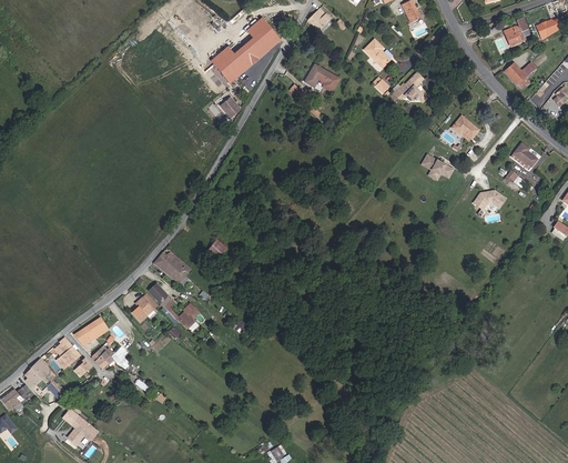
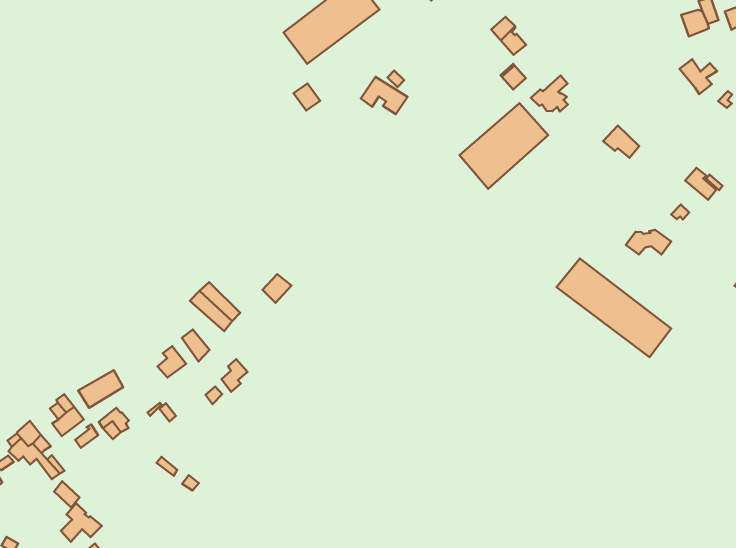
building: [305,64,339,91] -> [361,77,407,114]
building: none -> [460,103,548,189]
building: [422,153,455,180] -> none
building: none -> [557,259,671,357]

